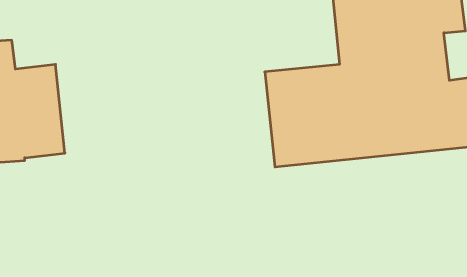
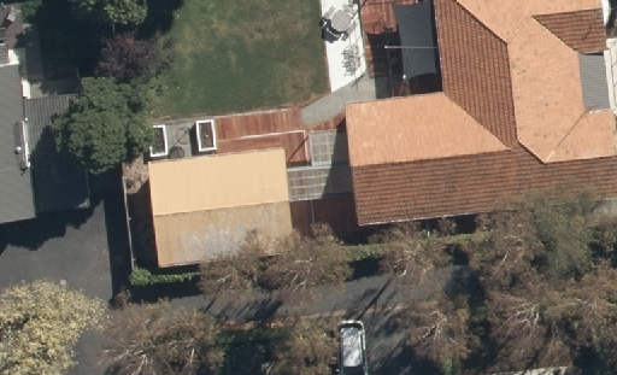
building: none -> [147,147,293,265]

